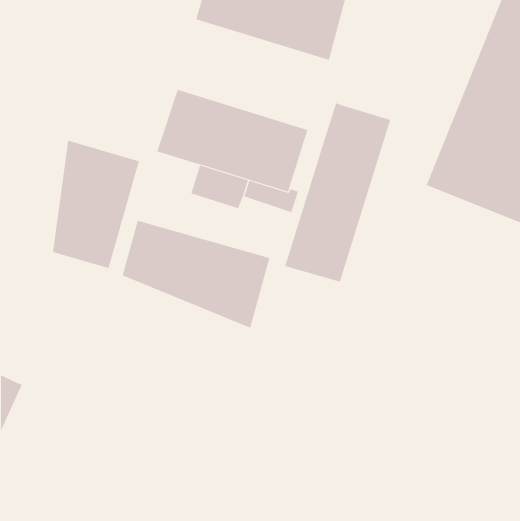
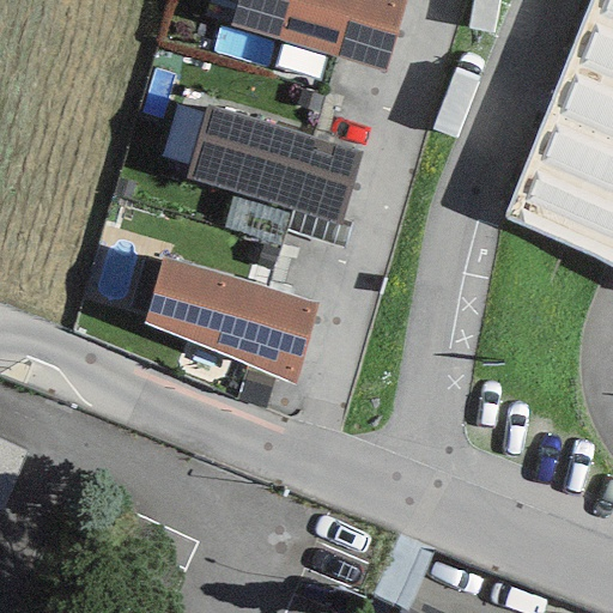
building: [284,102,391,283] -> none
building: [53,140,140,269] -> none

